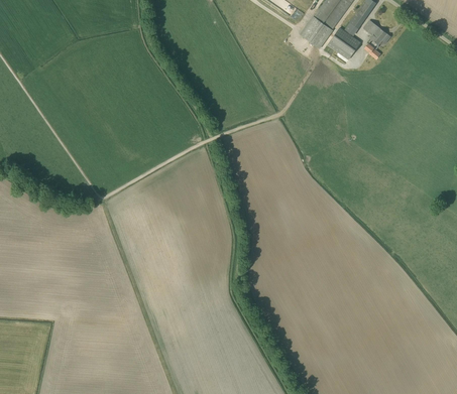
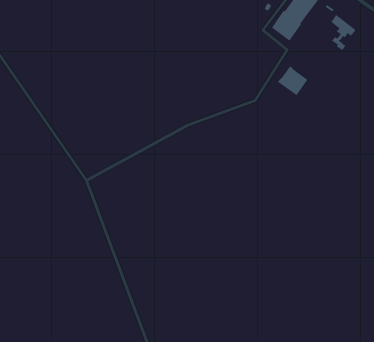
building: [327,26,360,58] -> [277,66,308,96]

